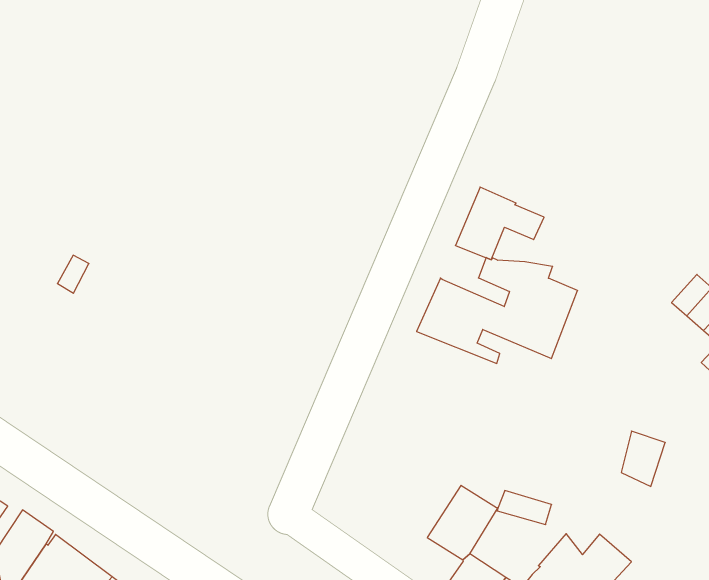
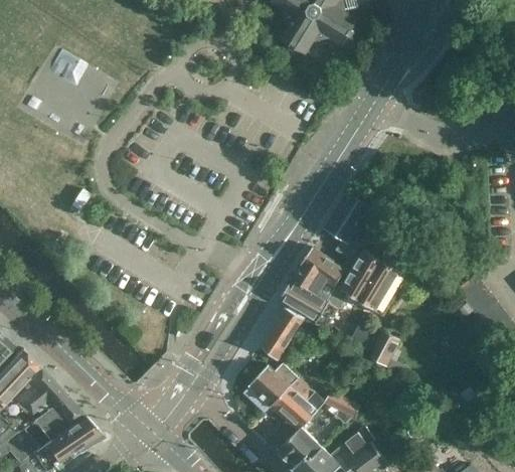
building: none -> [279,281,348,331]
building: none -> [261,309,303,361]
building: [621,431,665,486] -> [368,331,399,368]
building: none -> [242,363,303,414]

